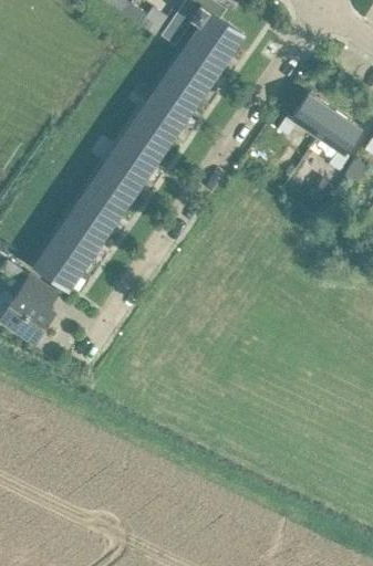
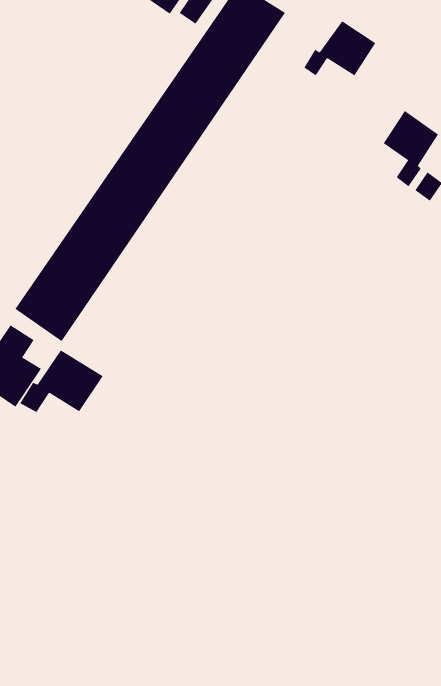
building: [280,94,336,137] -> [303,20,376,76]
building: none -> [20,350,103,413]

